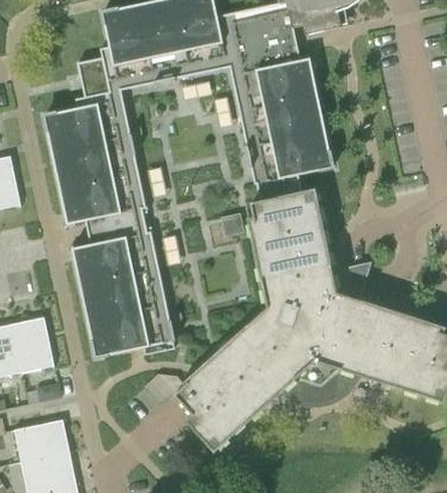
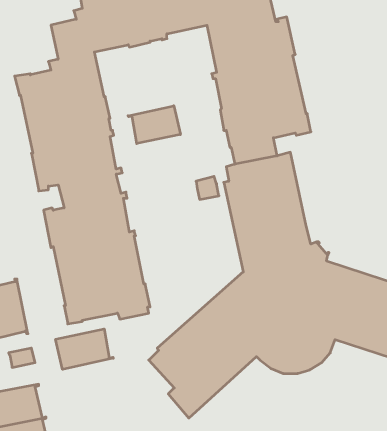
building: none -> [128,106,180,144]
building: none -> [56,329,113,369]

